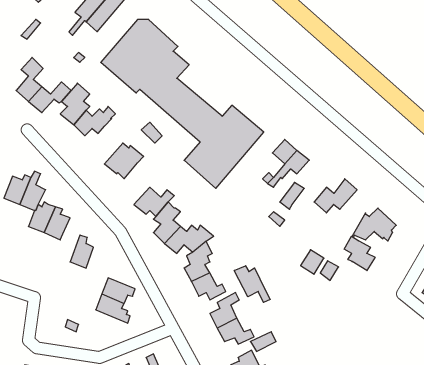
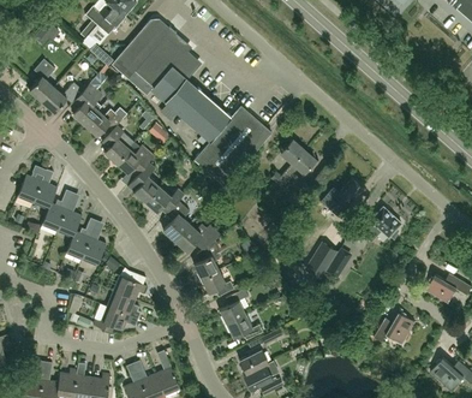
building: none -> [102,126,133,164]
building: none -> [127,162,160,203]
building: none -> [65,224,95,260]
building: [344,236,375,271] -> none
building: [234,266,270,302] -> none
building: none -> [92,307,138,332]
building: none -> [374,311,414,344]

